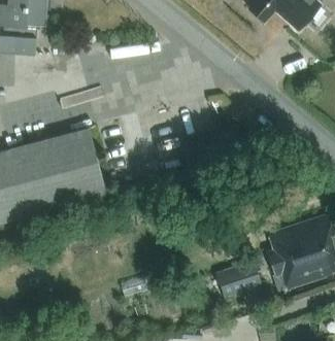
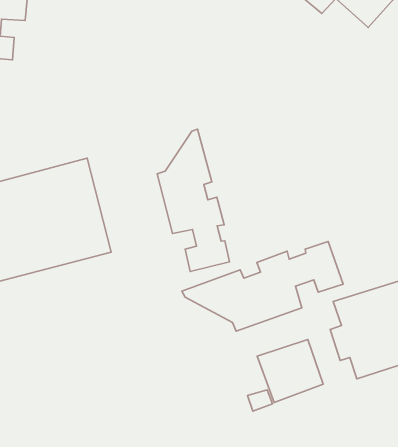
building: none -> [157,129,230,272]
building: none -> [182,241,343,331]

